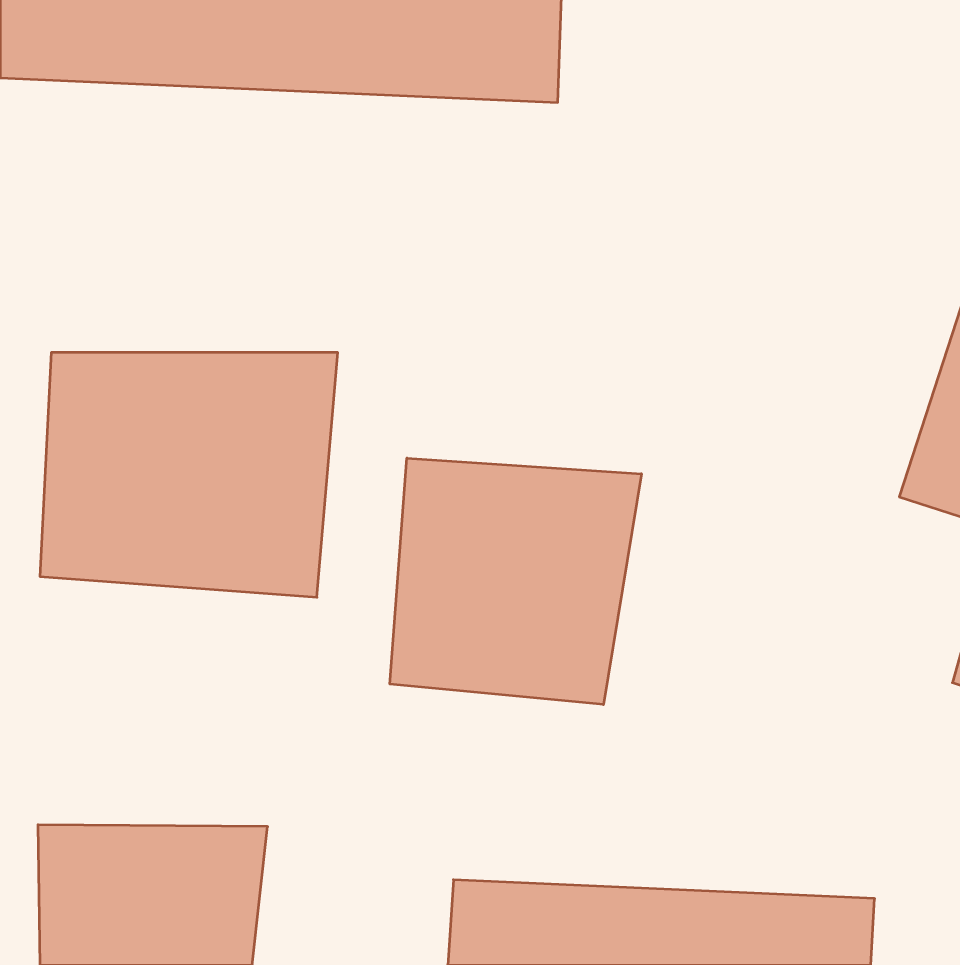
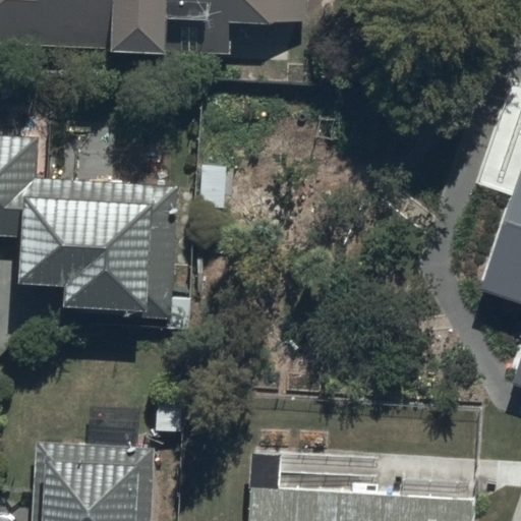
building: [390,458,641,705] -> none

